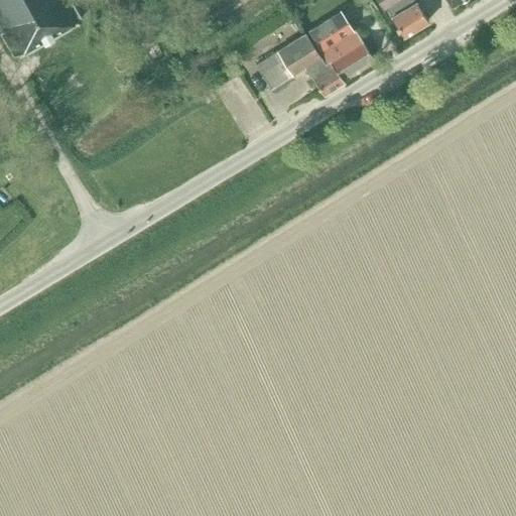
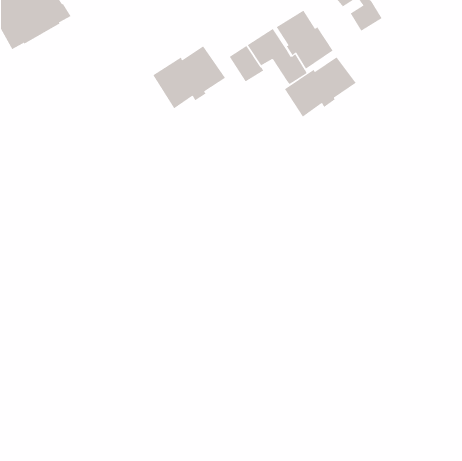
building: none -> [153,46,226,109]
building: none -> [284,56,356,117]

